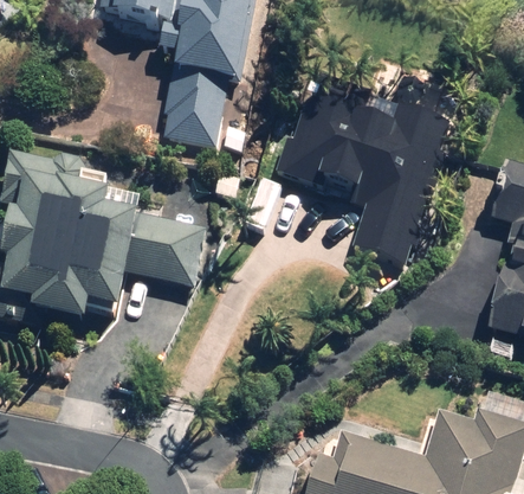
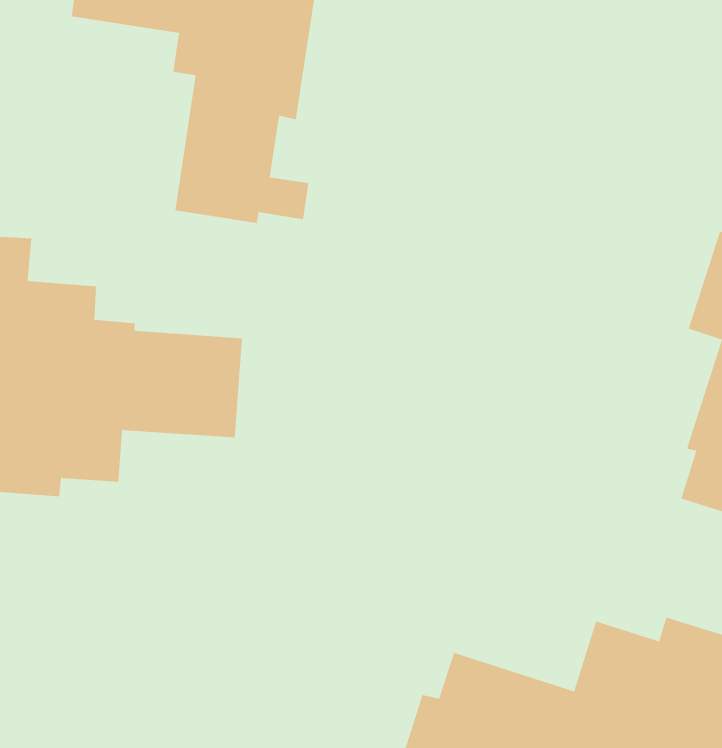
building: [277,90,462,265] -> none

